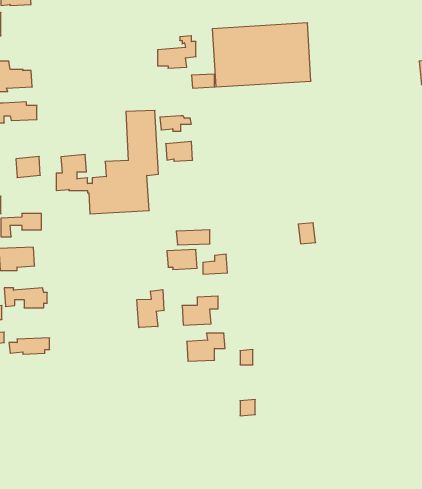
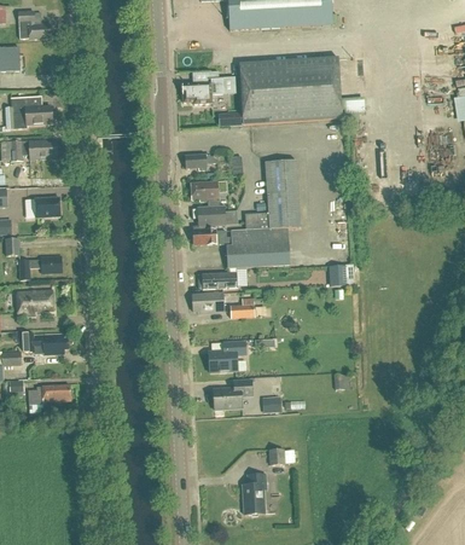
building: [56,110,158,214] -> [193,160,300,267]
building: [137,290,164,328] -> none
building: none -> [243,472,266,514]

